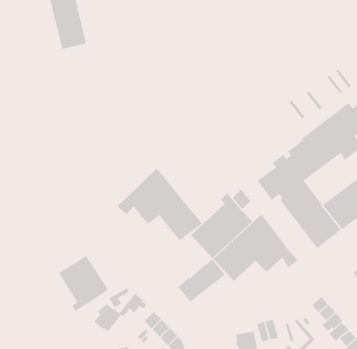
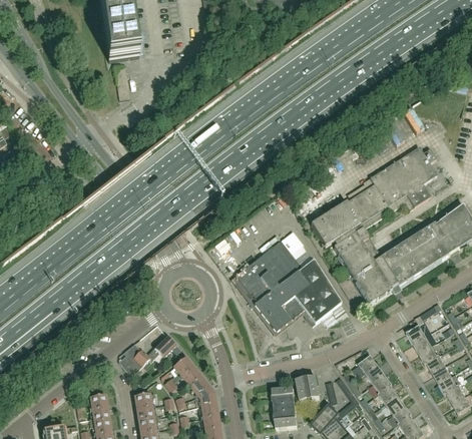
building: [117,168,203,241] -> none
building: [58,255,109,312] -> none
building: [178,259,225,303] -> none

